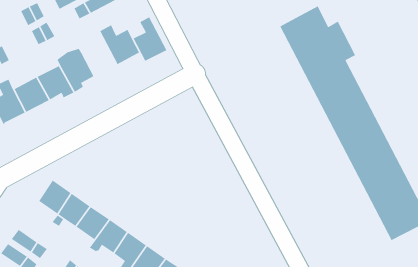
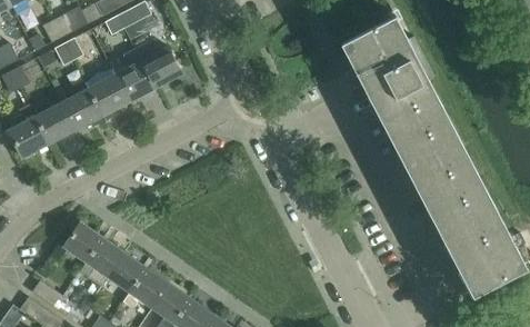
building: [132,16,168,62] -> [114,48,156,101]

